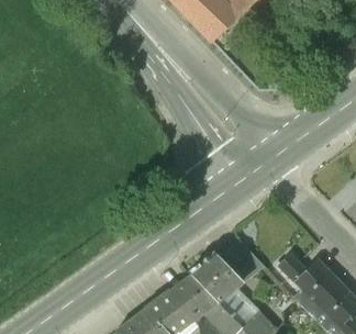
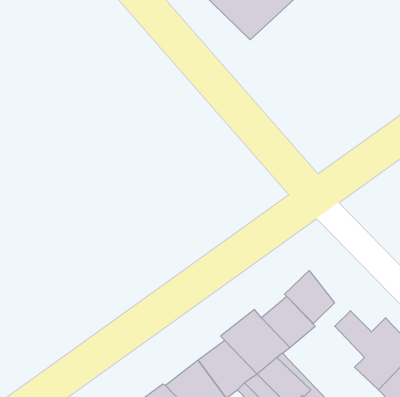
building: none -> [284,271,334,323]

